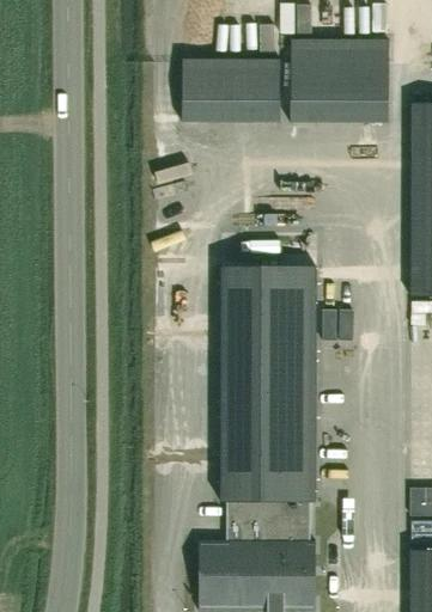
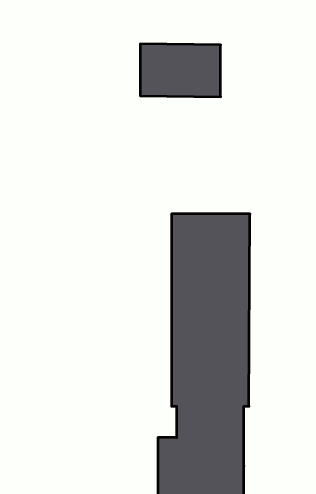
building: [291,41,389,123] -> none

